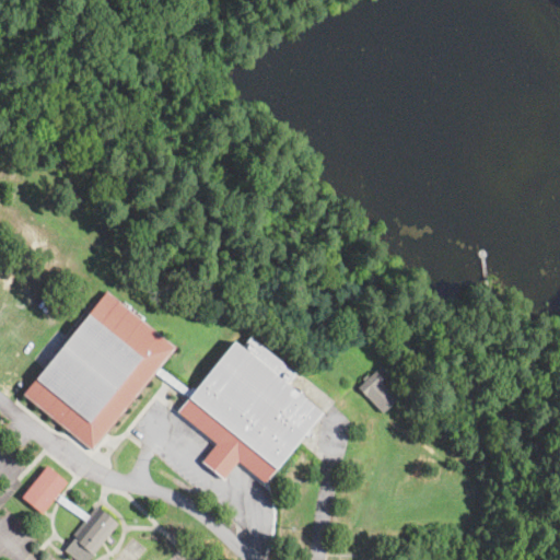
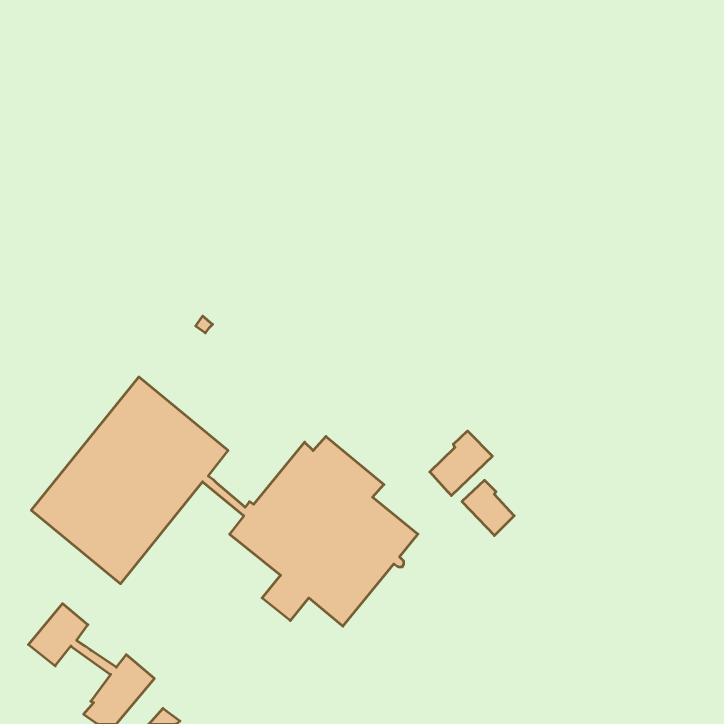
building: none -> [430,431,492,496]

